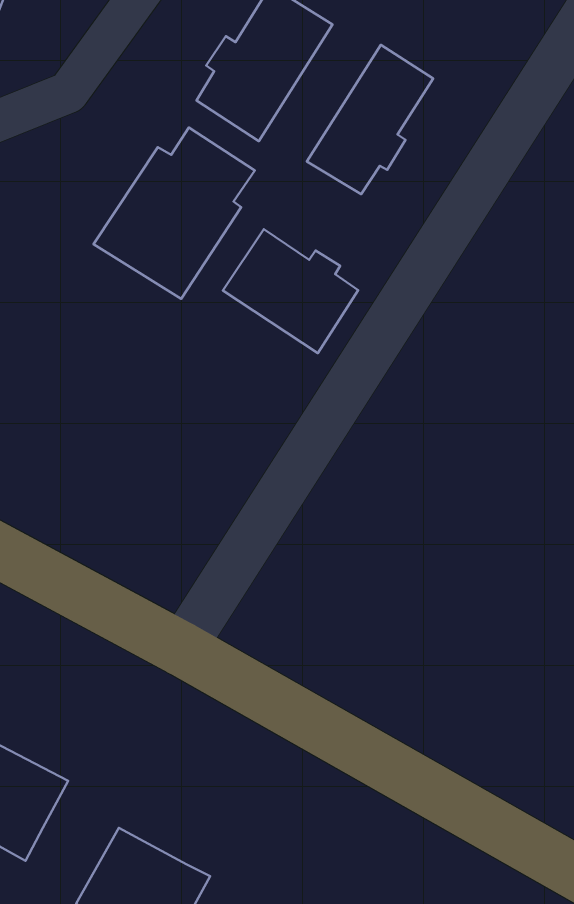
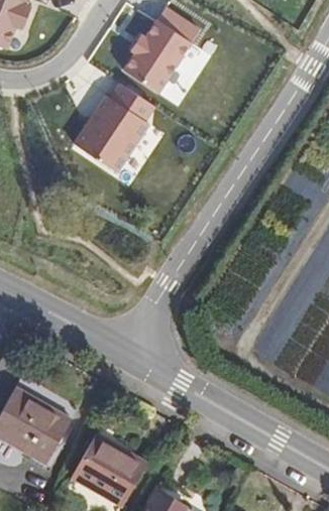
building: [307,45,433,194] -> none
building: [223,229,358,353] -> none

